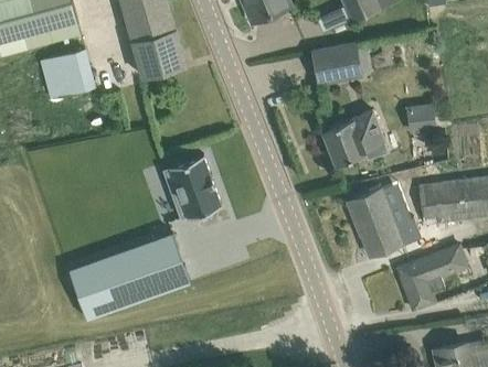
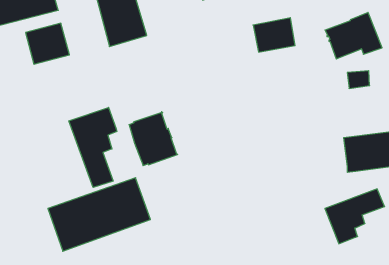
building: [321,111,389,166] -> [325,12,382,59]
building: none -> [69,107,117,187]
building: [347,190,422,257] -> none

